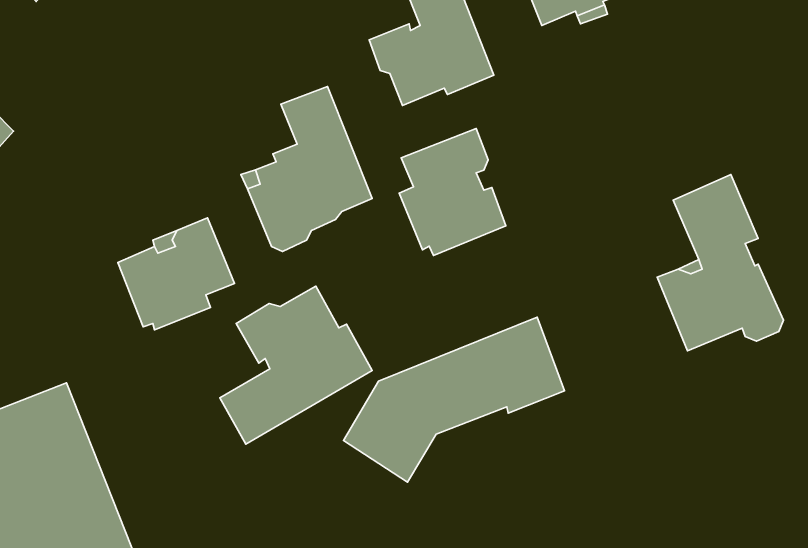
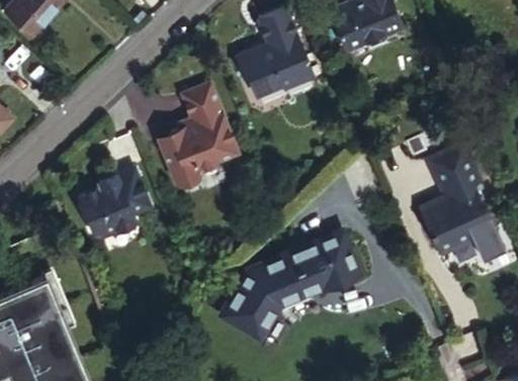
building: [399,128,506,255] -> none
building: [220,286,372,444] -> none

